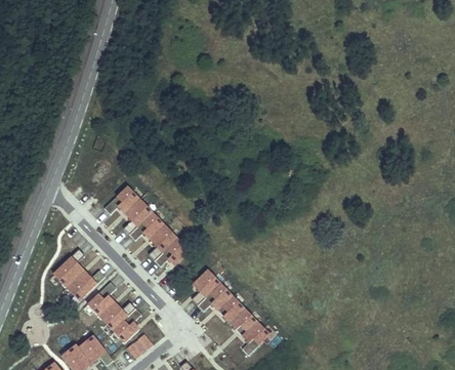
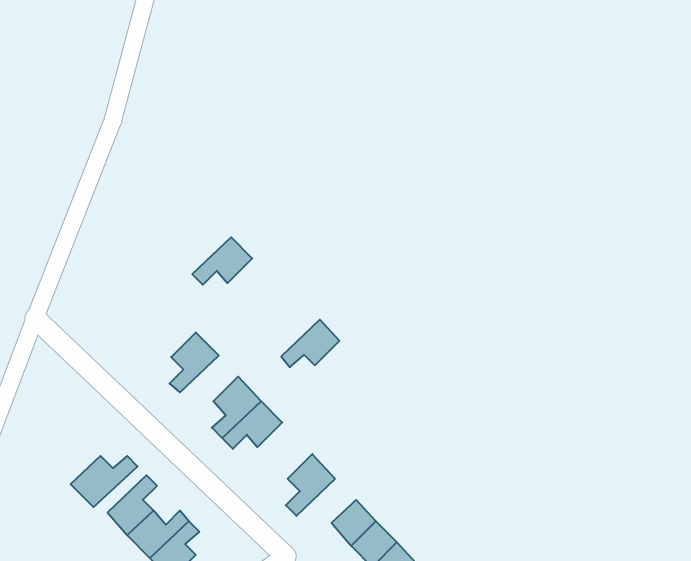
building: [104,186,138,213] -> [192,237,252,285]
building: [129,211,163,239] -> [281,320,339,367]
building: [52,248,84,286] -> none
building: [197,283,232,311] -> none

